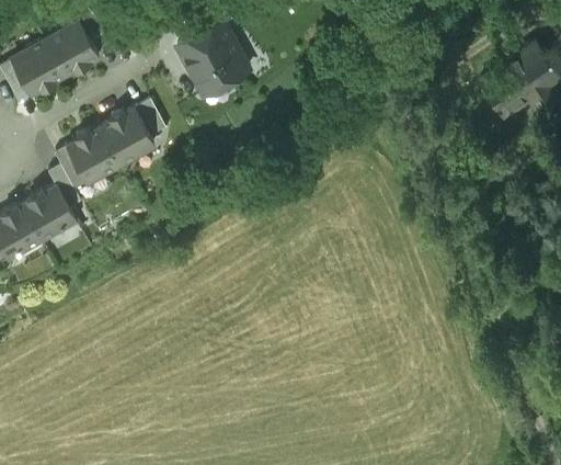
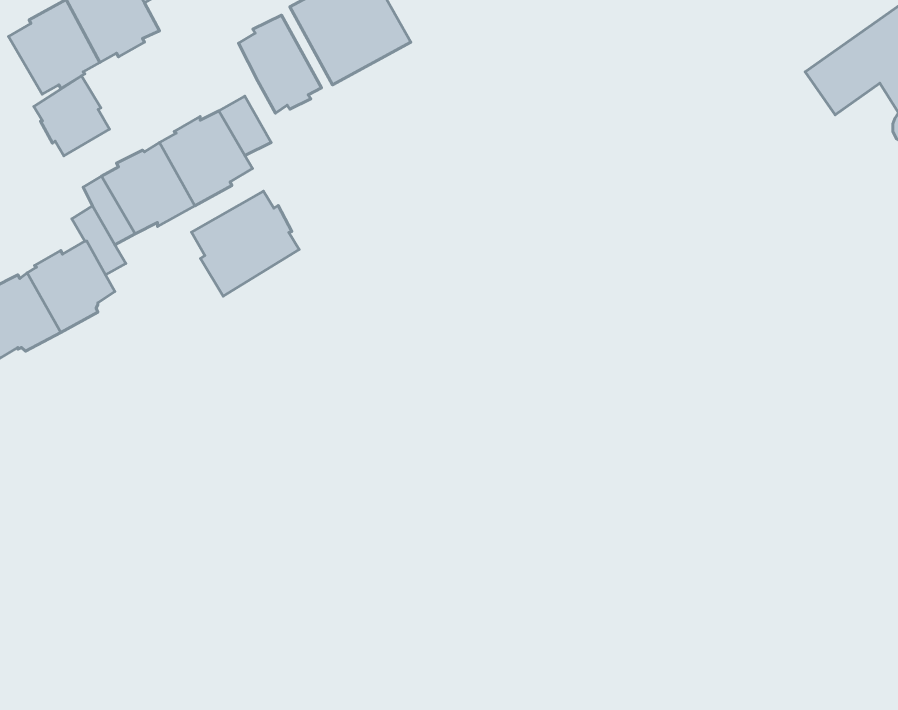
building: none -> [239,15,322,113]
building: none -> [34,76,110,156]
building: none -> [191,191,299,296]

